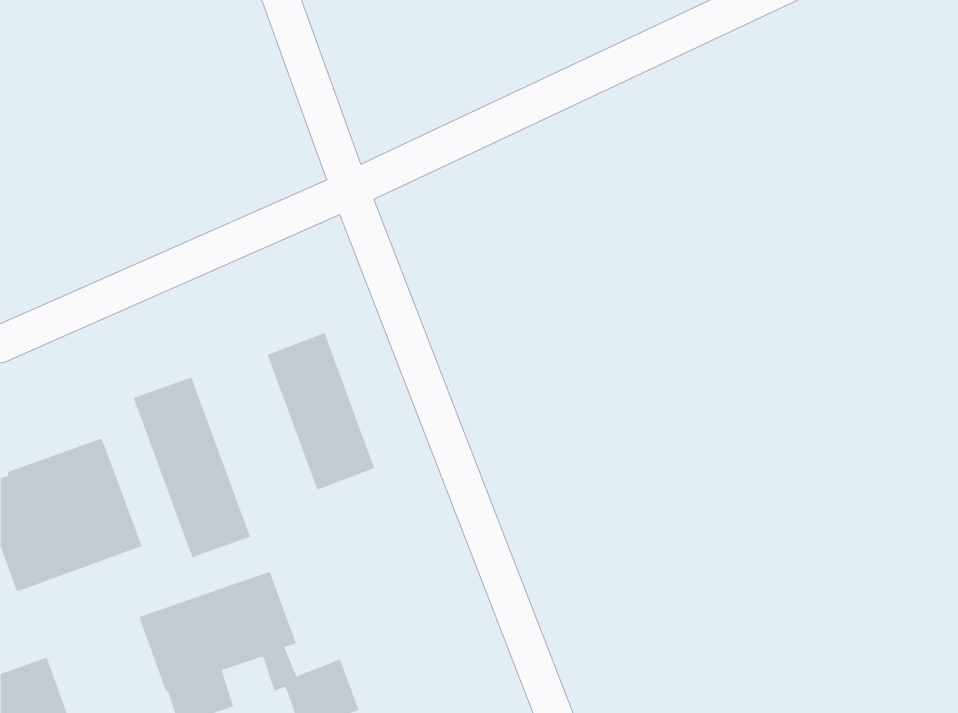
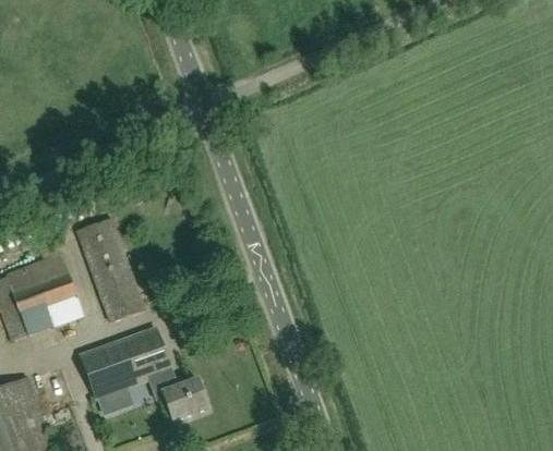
building: [267,332,375,490] -> none

